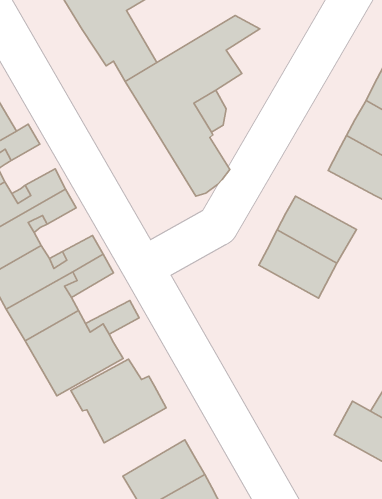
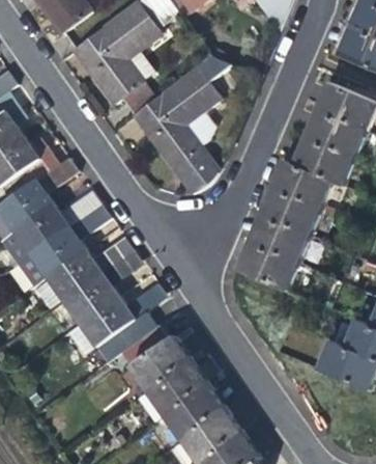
building: none -> [270,162,330,210]
building: none -> [235,244,295,292]
building: none -> [143,359,204,414]

